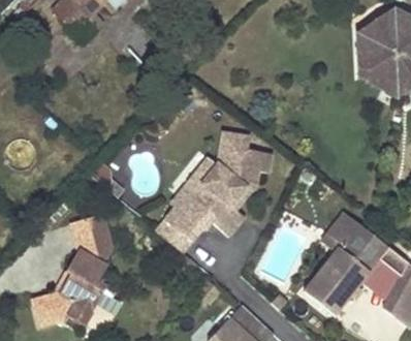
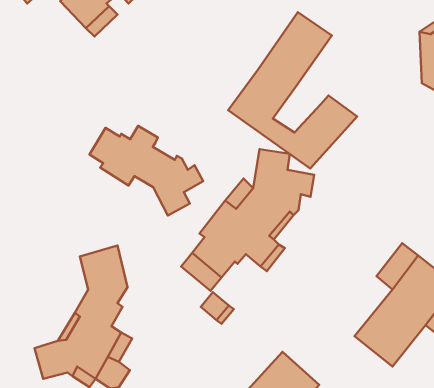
building: none -> [228,12,357,168]
building: none -> [90,126,203,215]

